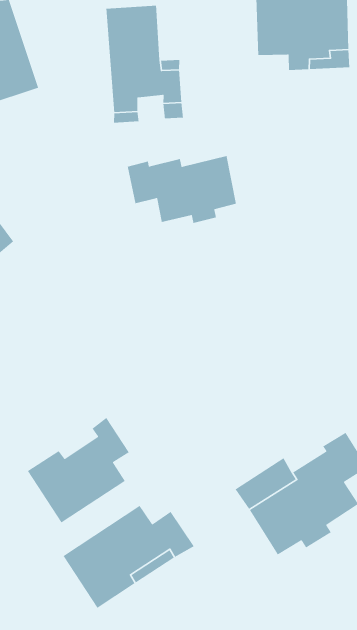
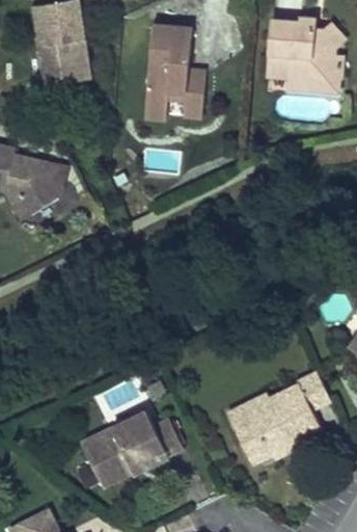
building: [127,155,237,224] -> none
building: [27,417,130,524] -> none

